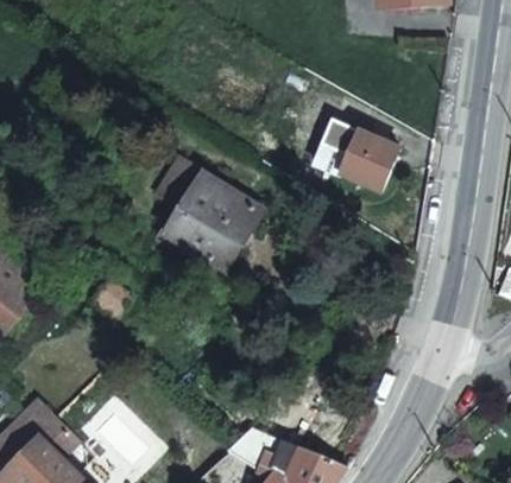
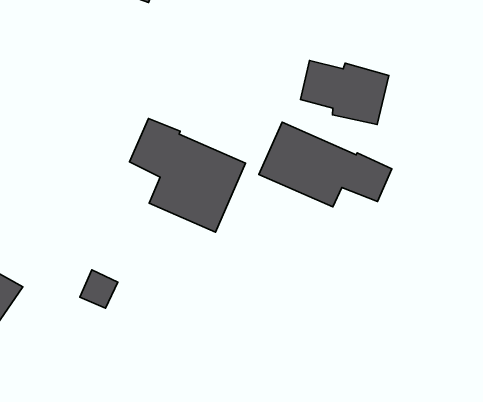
building: none -> [259,122,392,207]

